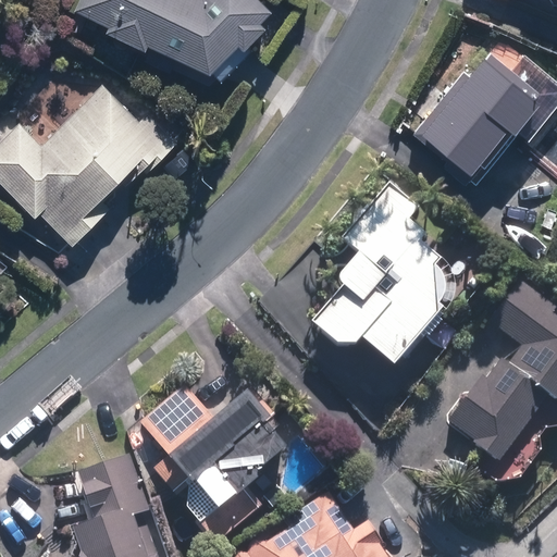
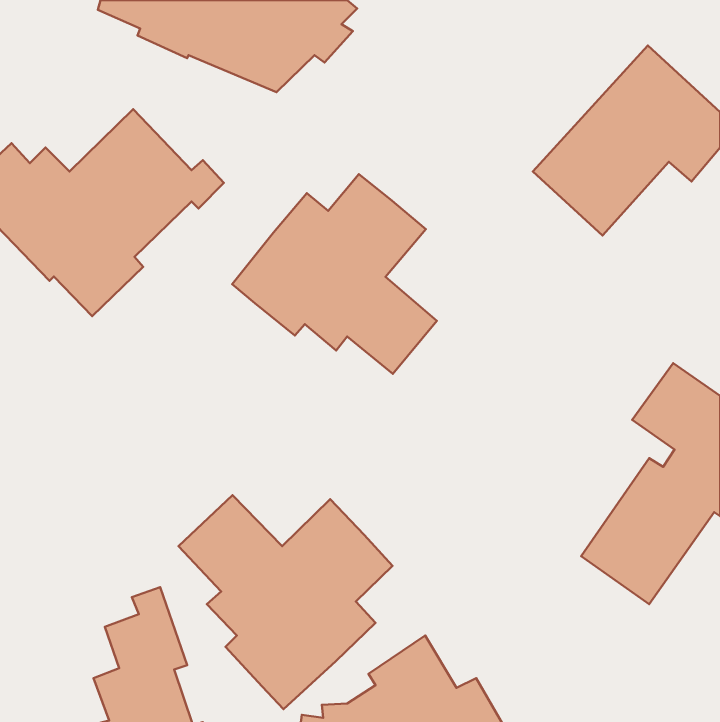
building: none -> [232,174,437,374]
building: [312,181,450,364] -> none

